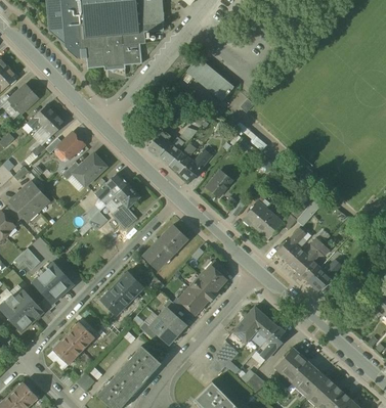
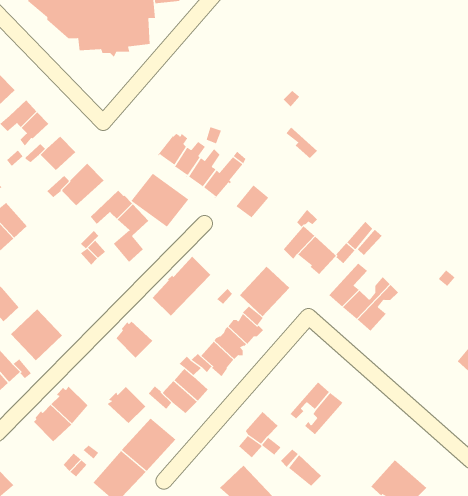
building: [187,58,233,99] -> none
building: none -> [131,173,189,227]
building: none -> [239,266,290,317]
building: [308,261,342,291] -> none
building: [100,286,130,315] -> [107,386,146,424]
building: [232,307,268,344] -> none
building: [274,349,327,399] -> none

